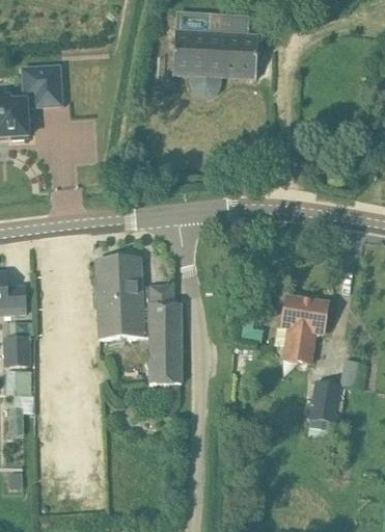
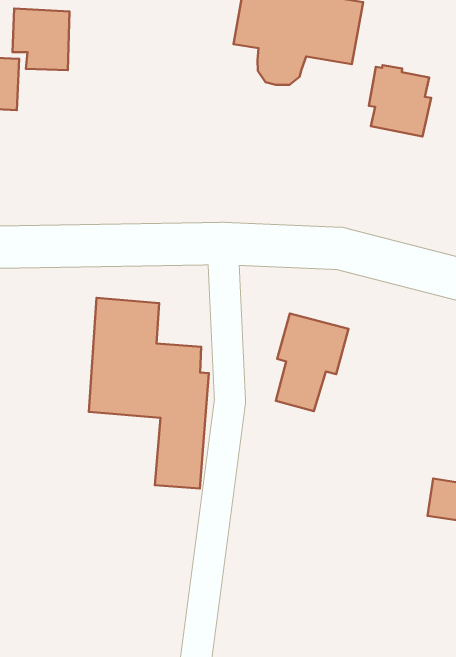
building: none -> [369,65,431,136]
building: [281,296,328,362] -> [276,313,348,411]
building: [305,381,340,428] -> none

